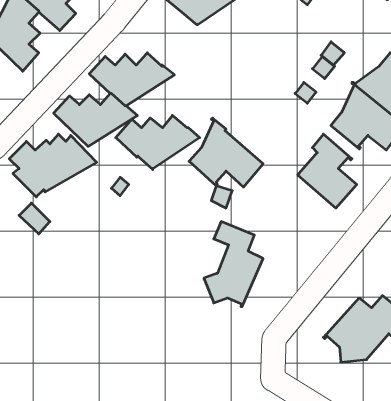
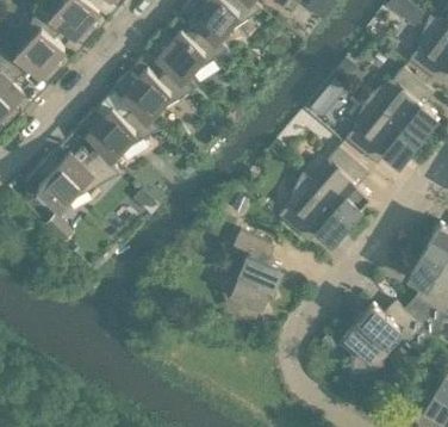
building: [116,115,200,170] -> [147,29,228,81]
building: [189,118,263,187] -> [279,174,350,241]

